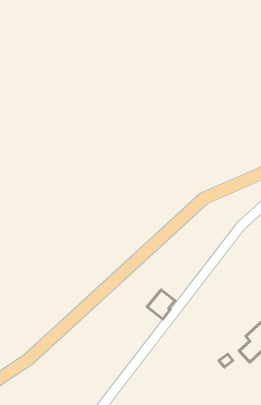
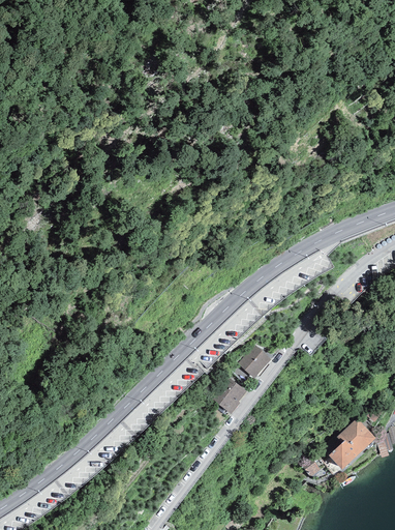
building: none -> [238,346,271,379]

